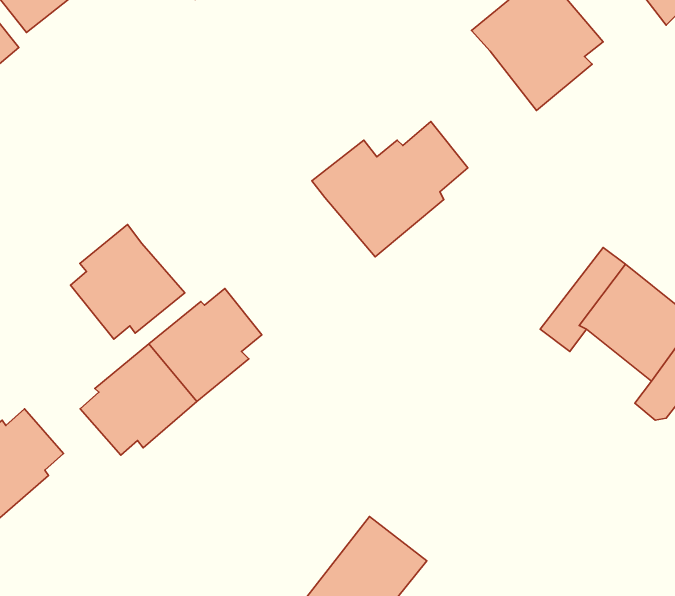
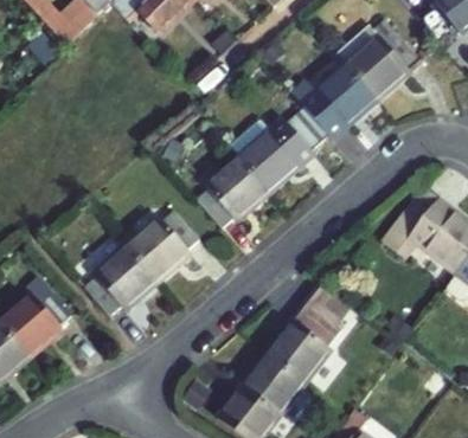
building: none -> [291,58,374,133]
building: none -> [198,152,271,221]
building: [71,224,185,339] -> none
building: none -> [268,284,351,384]

